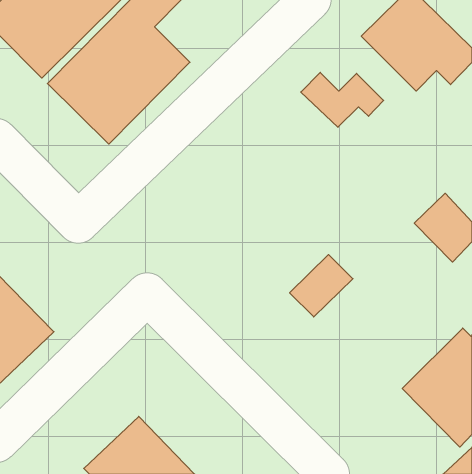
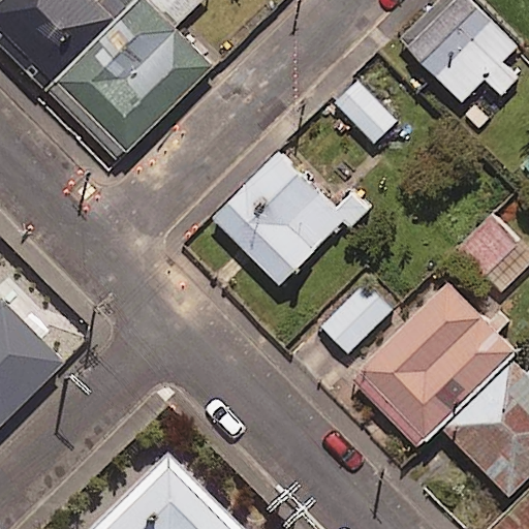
building: none -> [215,154,364,285]
building: none -> [352,283,516,447]

